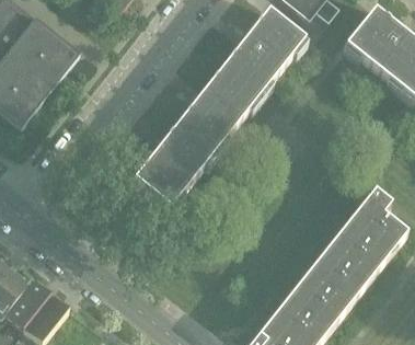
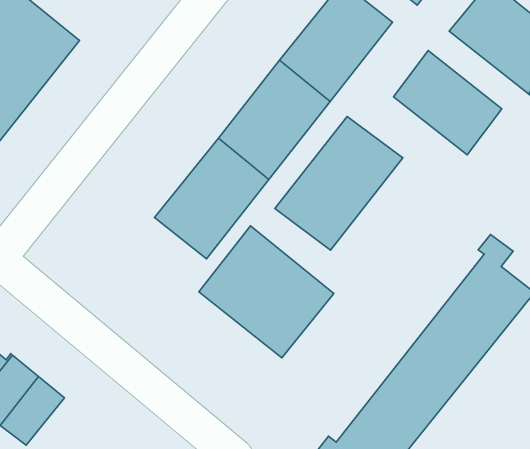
building: none -> [393,51,502,155]
building: none -> [275,116,403,250]
building: none -> [199,226,334,358]

